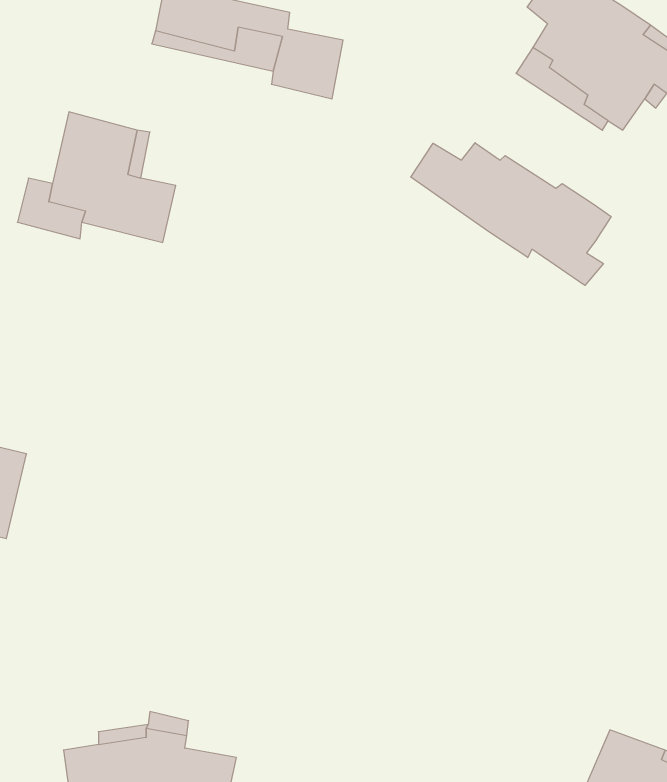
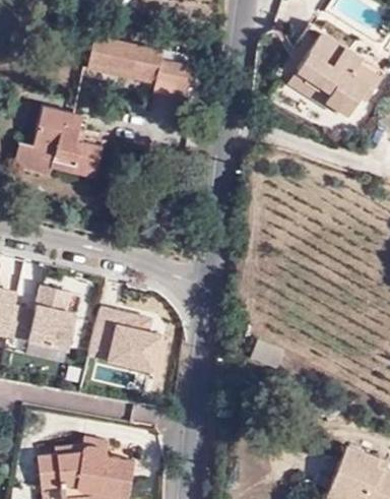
building: [411,143,611,285] -> none
building: none -> [27,289,77,356]
building: none -> [88,307,157,372]

